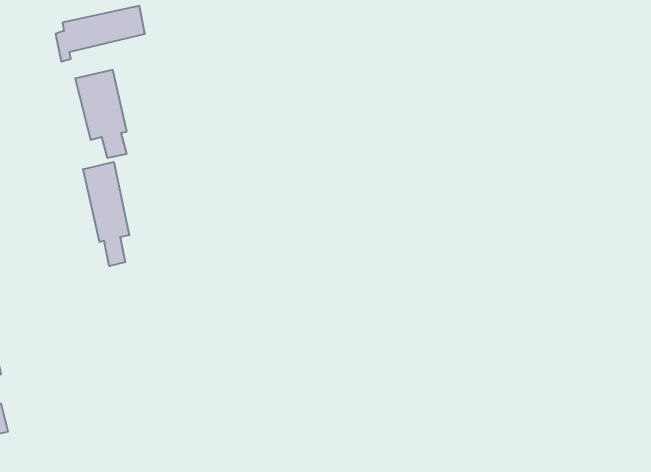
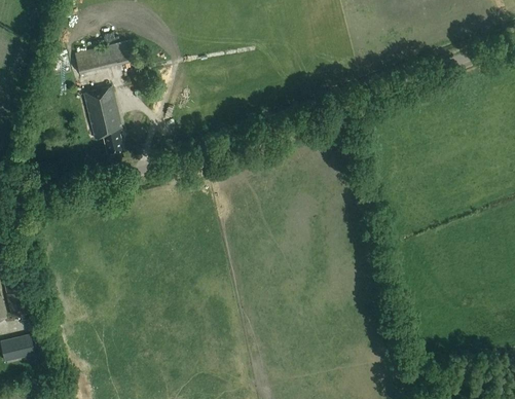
building: [83,162,129,266] -> none

